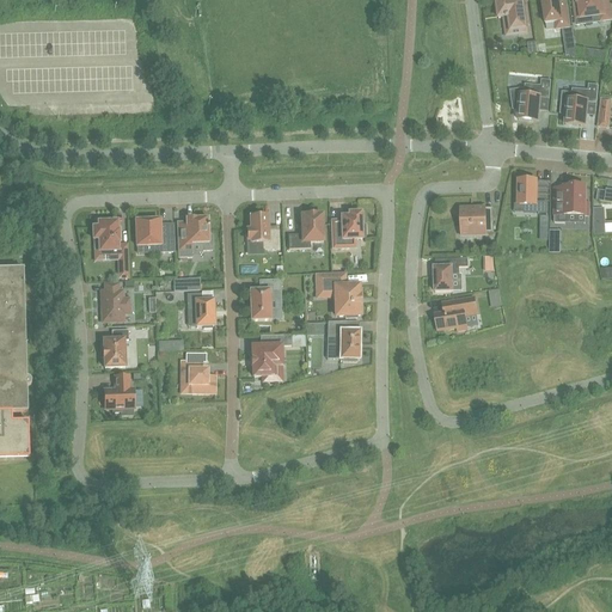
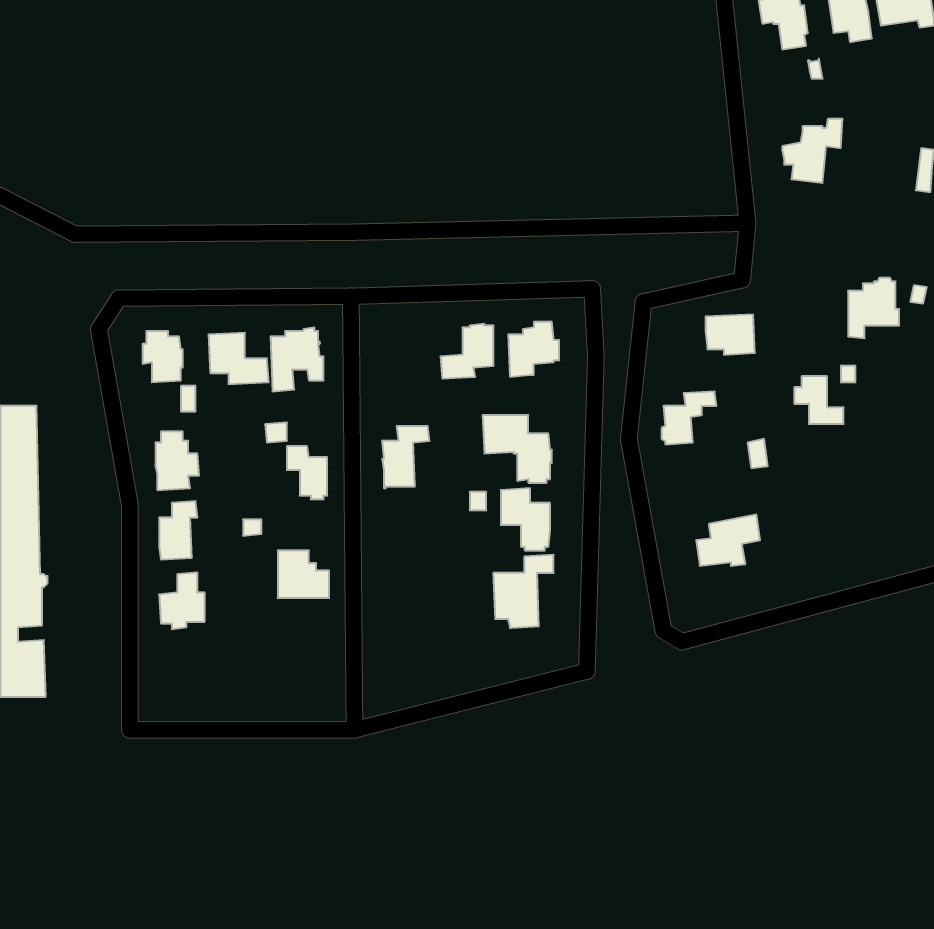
building: [561,81,599,124] -> none
building: [514,179,546,210] -> [794,376,844,424]
building: [247,212,280,247] -> none
building: [435,295,477,329] -> [696,515,760,566]
building: [252,332,292,380] -> [493,555,554,628]

